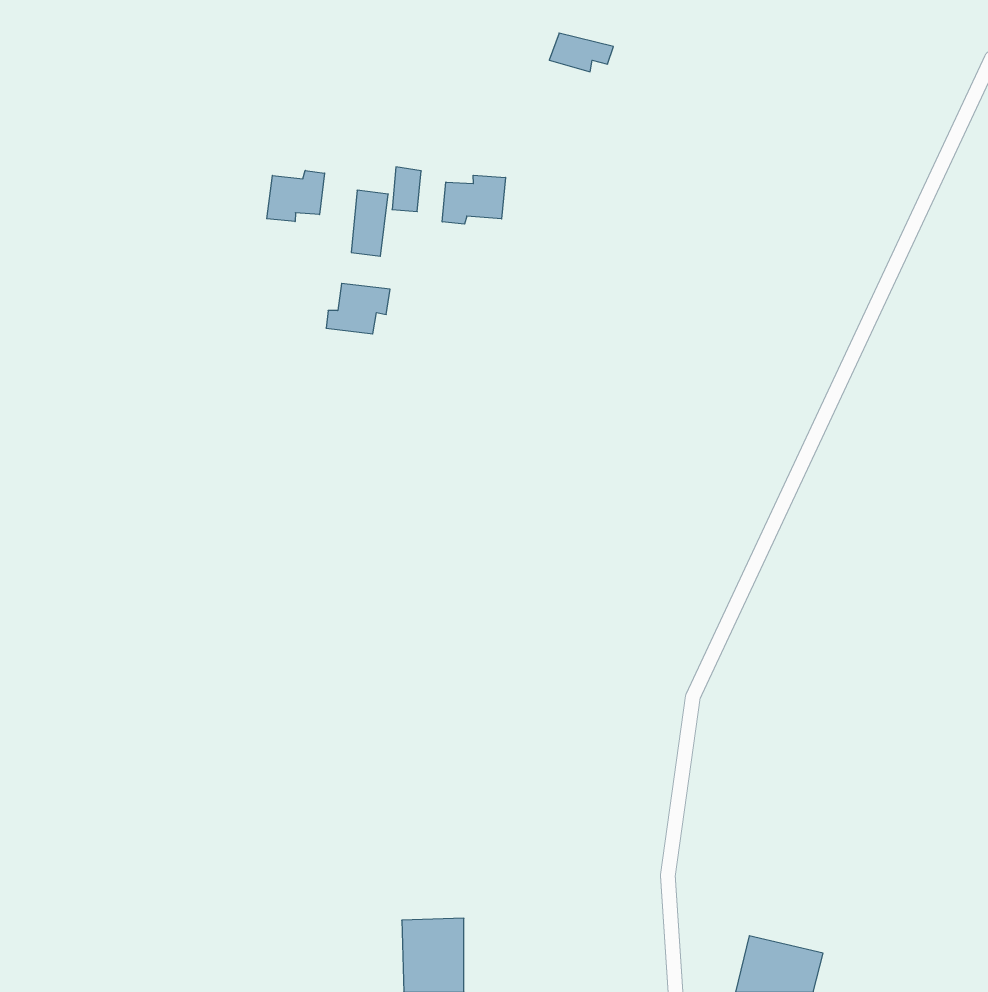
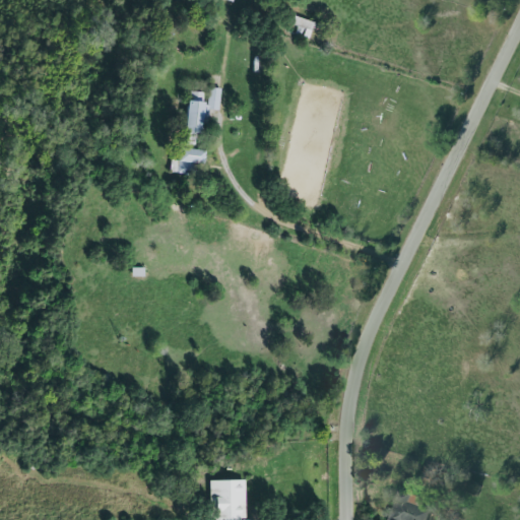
building: [267,170,325,222] -> none
building: [442,175,506,224] -> none

